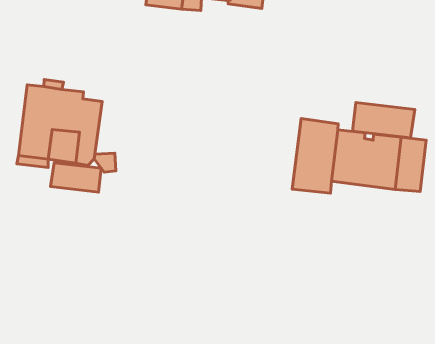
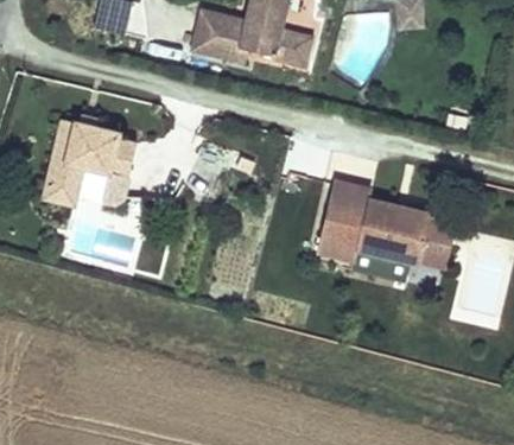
building: [353,103,415,138] -> none
building: [51,163,101,192] -> none

